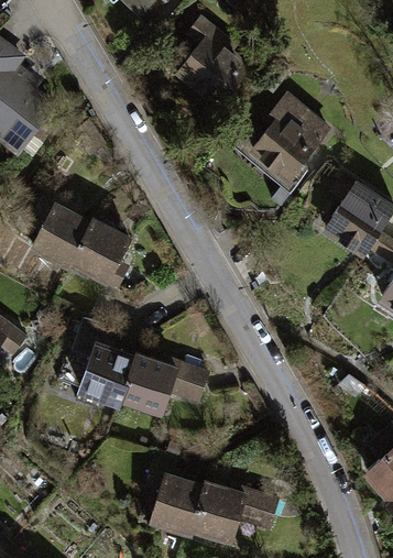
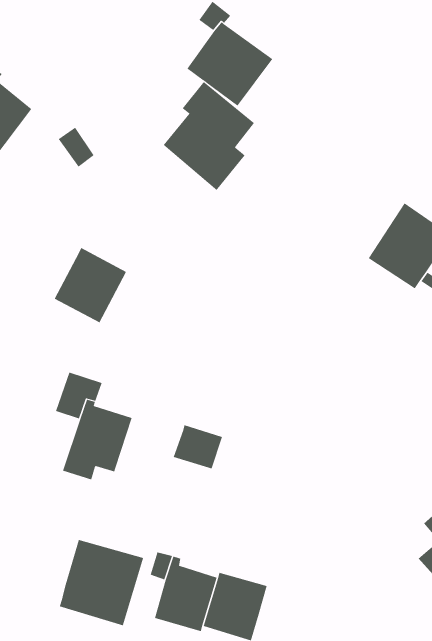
building: [252,97,327,186] -> [163,81,255,191]
building: [33,197,90,264] -> none
building: [121,354,175,411] -> none
building: none -> [59,539,144,626]
building: [238,490,276,527] -> none

